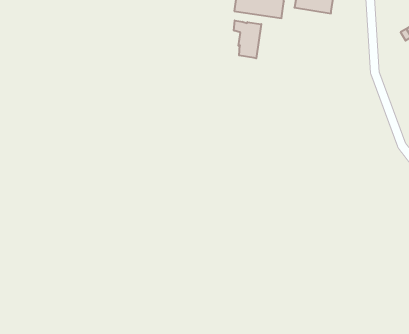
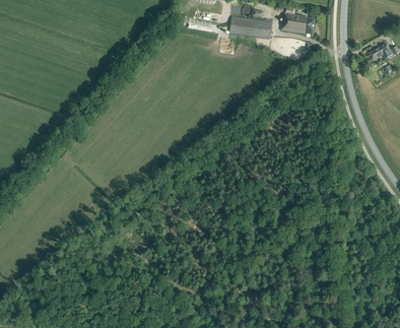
building: [234,20,261,58] -> none

